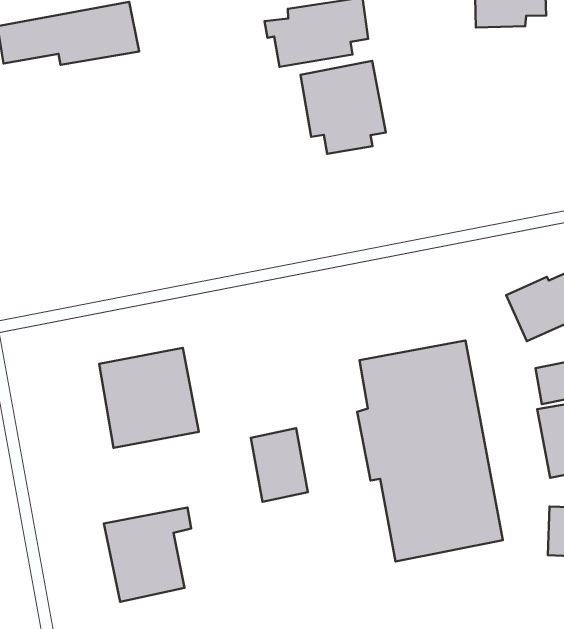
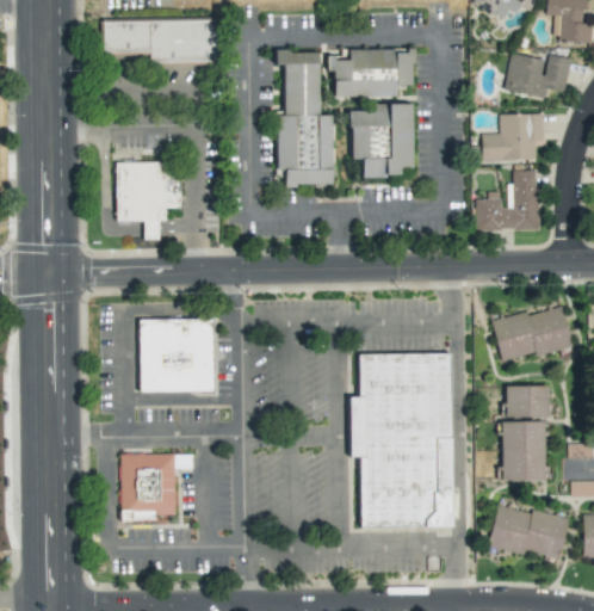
building: none -> [276,51,333,185]
building: none -> [482,113,544,161]
building: none -> [476,169,539,232]
building: none -> [116,161,181,240]
building: [251,428,308,502] -> none

